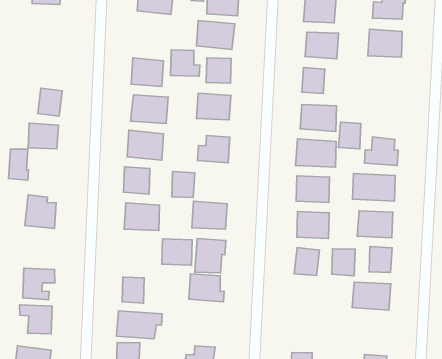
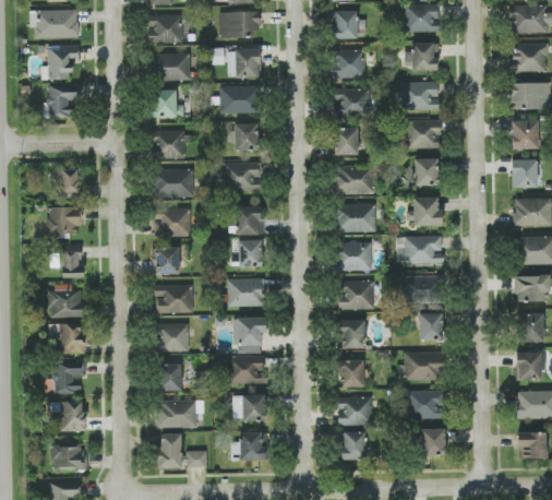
building: none -> [48,85,77,118]
building: [171,50,200,76] -> [152,90,183,118]
building: none -> [408,120,441,148]
building: [339,122,361,149] -> [416,158,439,186]
building: [8,149,28,180] -> [62,245,83,277]
building: [172,171,195,197] -> [238,240,262,267]
building: none -> [49,323,82,354]
building: [162,239,192,265] -> [156,323,189,352]
building: [332,249,355,276] -> [339,359,364,388]
building: none -> [232,394,266,421]
building: none -> [408,390,444,419]
building: none -> [337,397,372,426]

